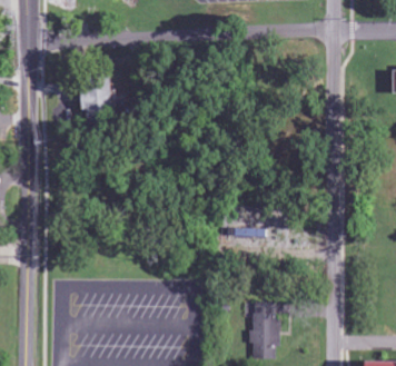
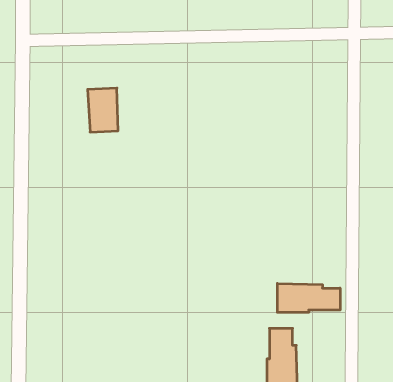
building: none -> [277,283,340,312]

